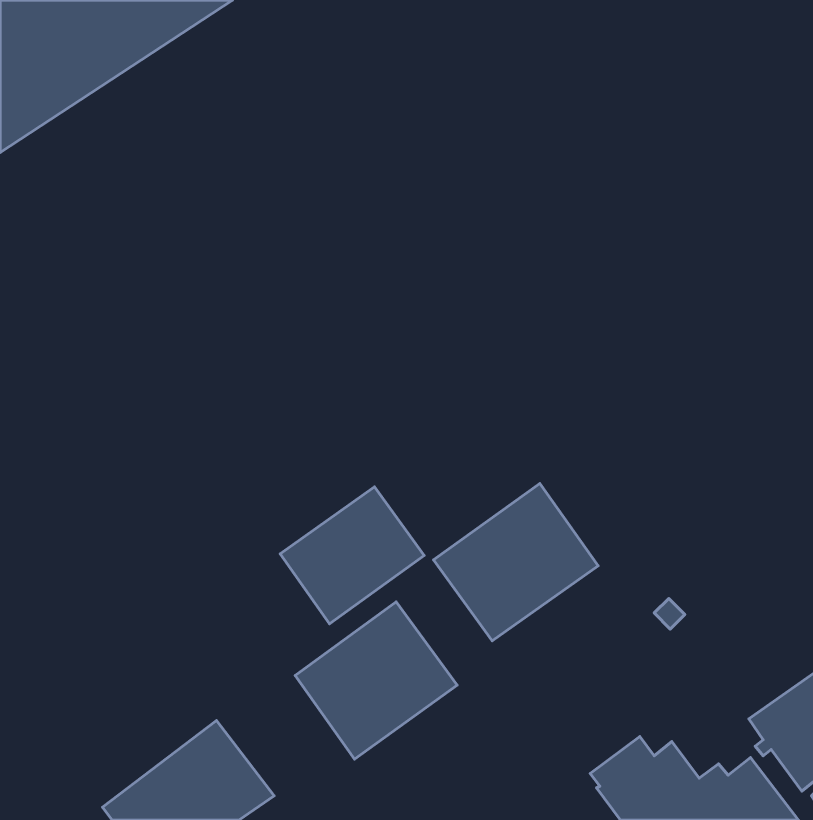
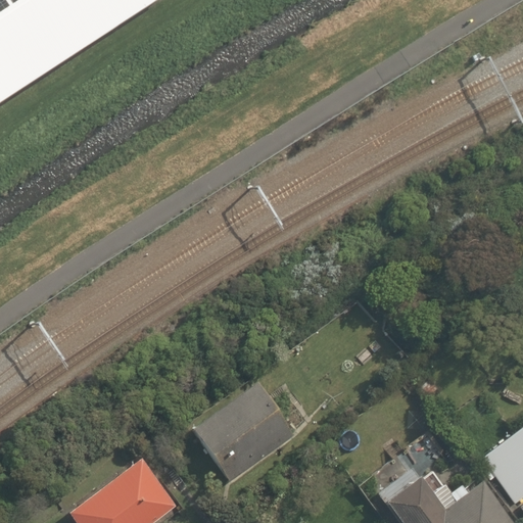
building: [433,483,598,641] -> none
building: [280,487,424,624] -> none

